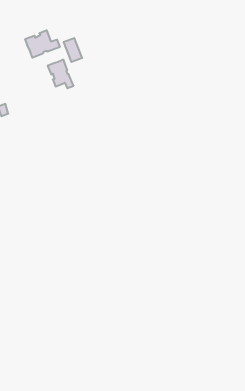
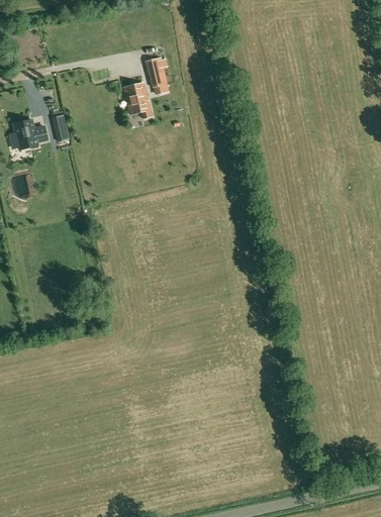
building: [25,30,60,58] -> none

